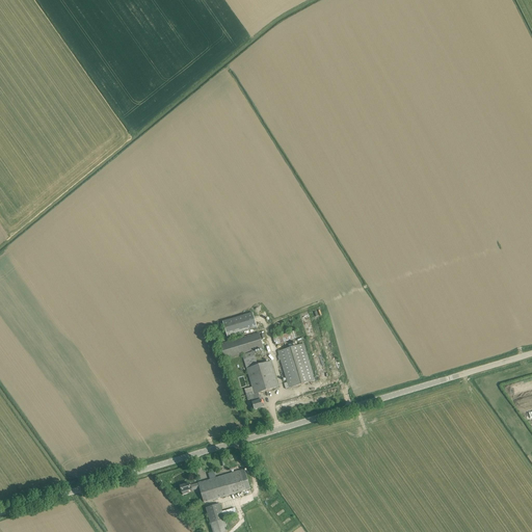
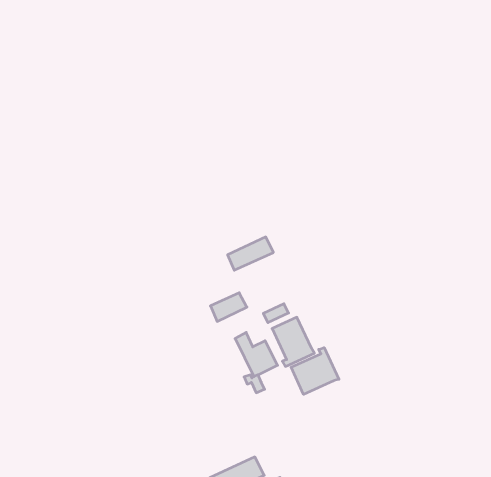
building: [219,331,263,358] -> [228,237,273,270]
building: none -> [291,348,339,394]

